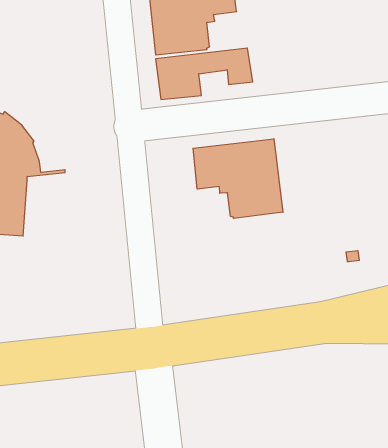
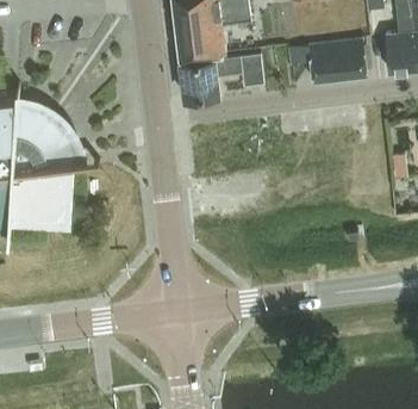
building: none -> [308,39,366,83]
building: [193,139,283,218] -> none

